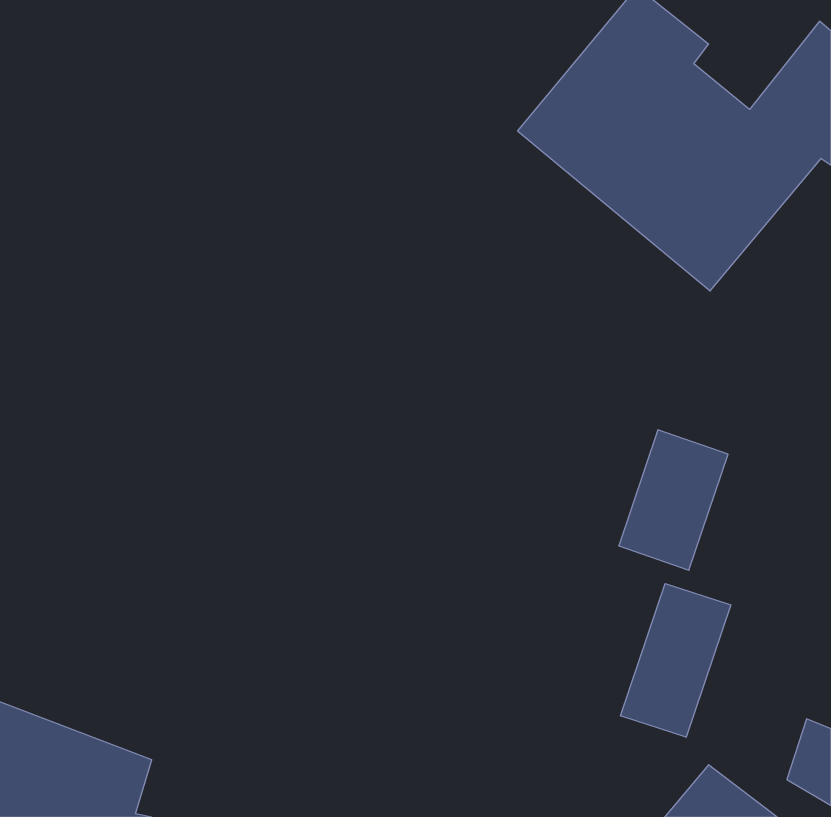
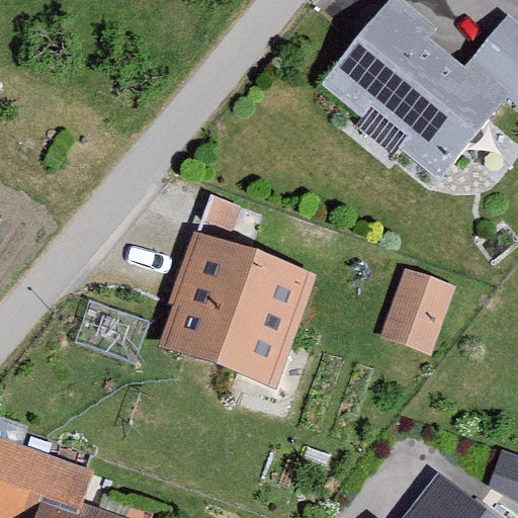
building: none -> [156,231,317,388]
building: [621,584,731,737] -> none

